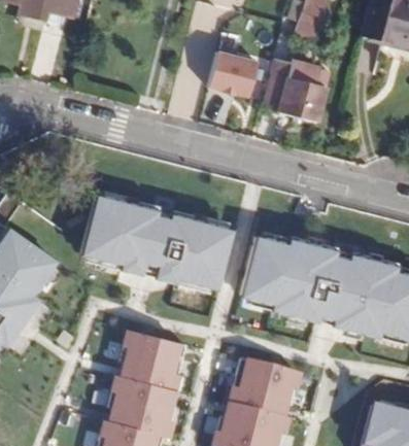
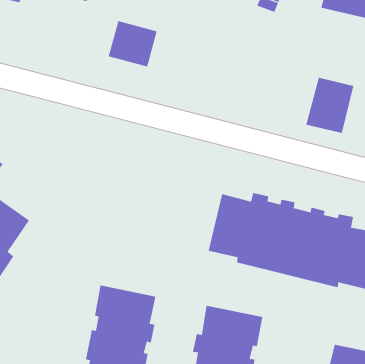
building: [203,52,255,101] -> [108,21,158,67]
building: [277,62,329,122] -> [305,77,354,134]
building: [81,196,230,287] -> none

